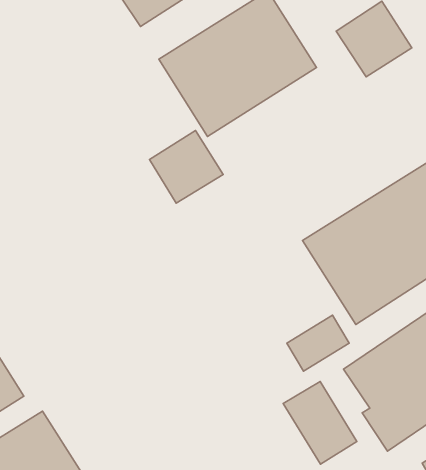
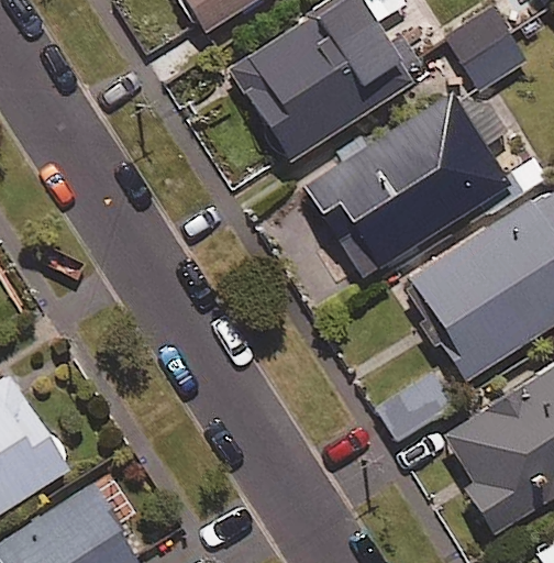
building: none -> [303,90,511,278]
building: [150,130,223,203] -> none
building: [283,382,357,464] -> none

